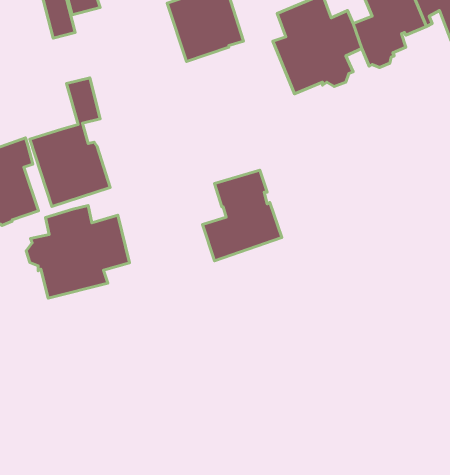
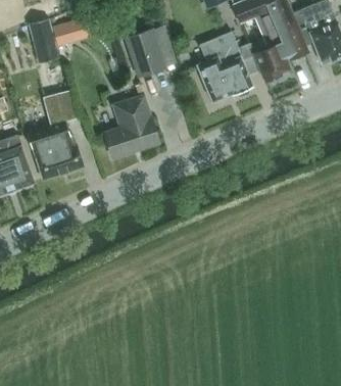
building: [203,170,282,261] -> [103,95,158,158]
building: [26,206,130,298] -> none

